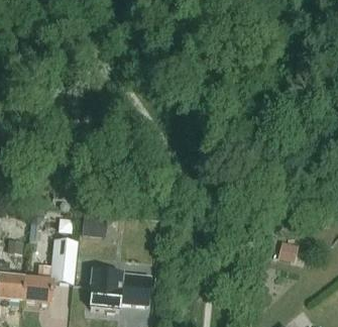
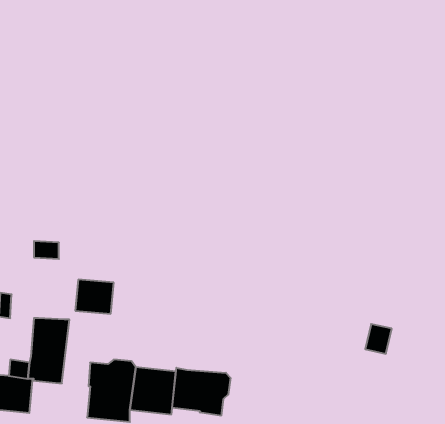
building: none -> [172,368,230,416]

